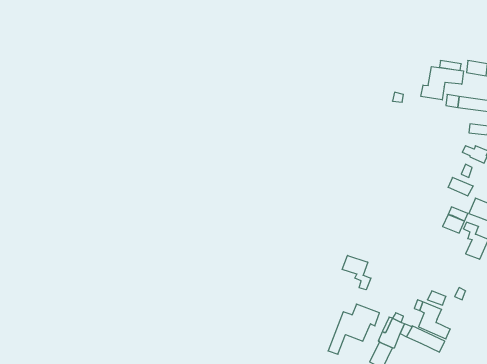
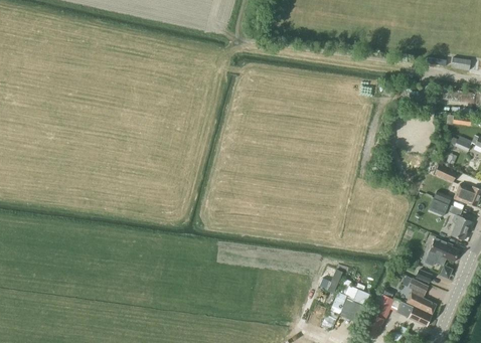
building: [421,67,463,100] -> none
building: [342,255,371,290] -> none
building: none -> [425,237,460,266]

